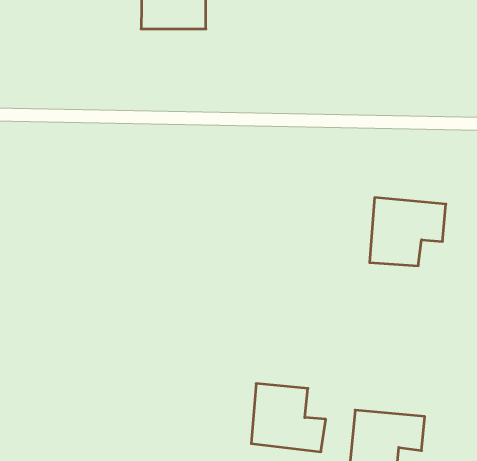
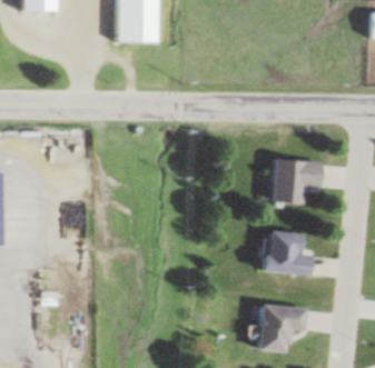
building: [251,384,326,452] -> [261,229,313,276]

